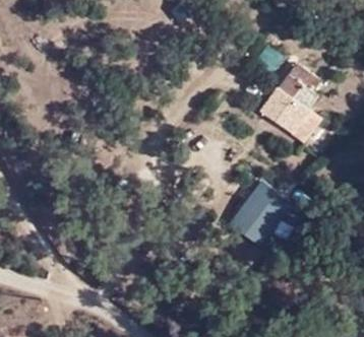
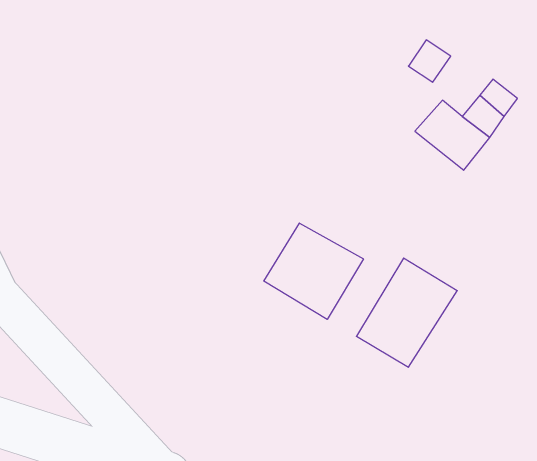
building: none -> [264,223,363,319]

